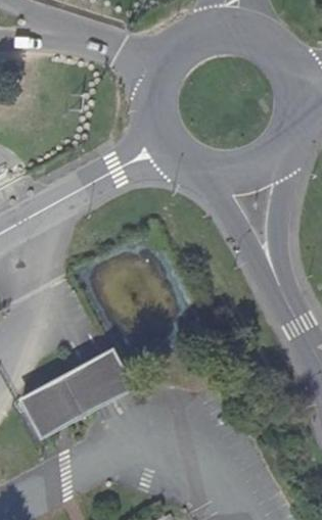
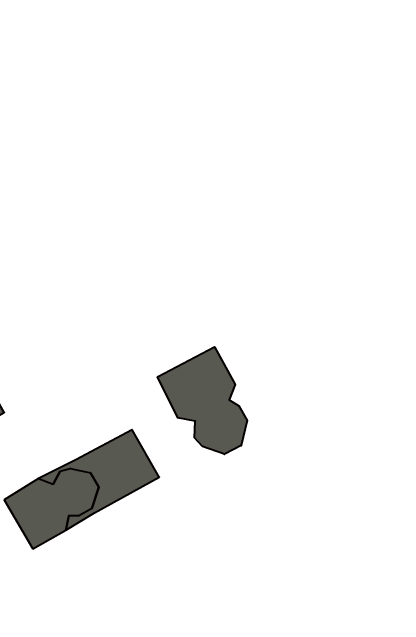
building: none -> [158,347,247,454]

